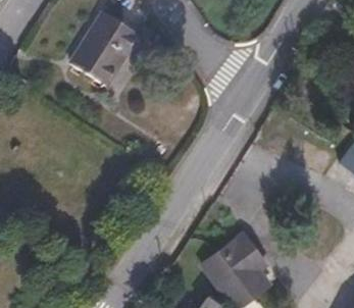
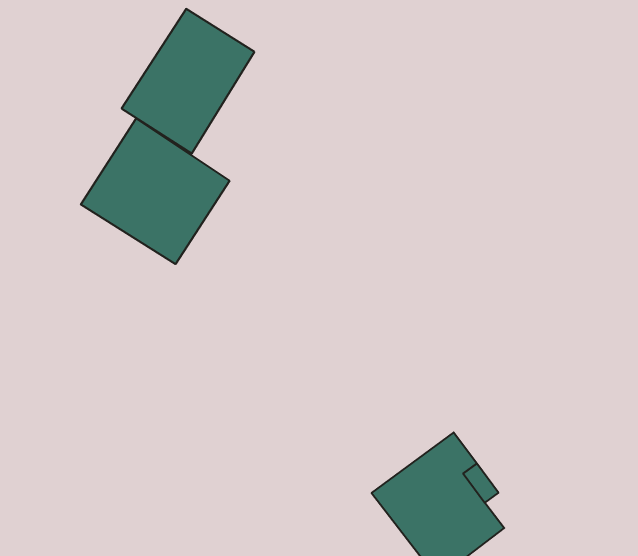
building: none -> [81,118,229,264]

